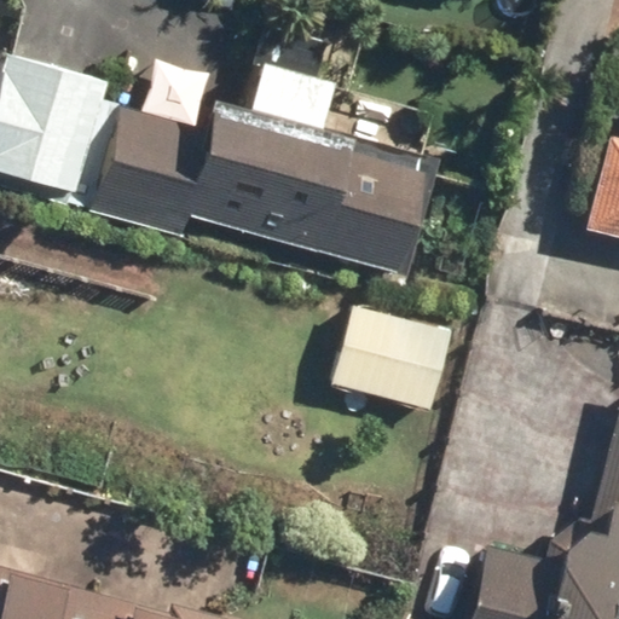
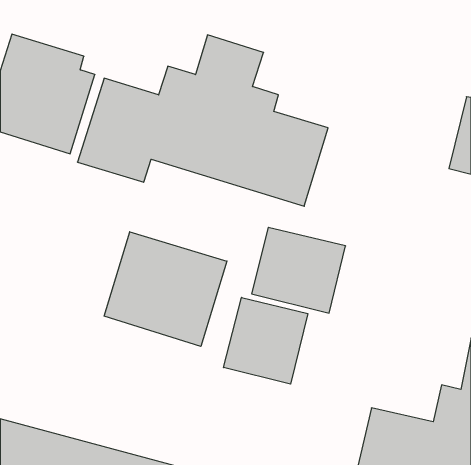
building: none -> [104,232,227,346]
building: none -> [224,297,308,384]

